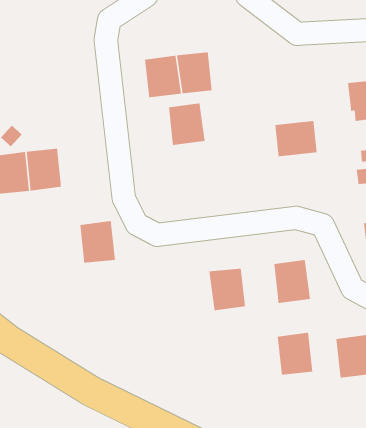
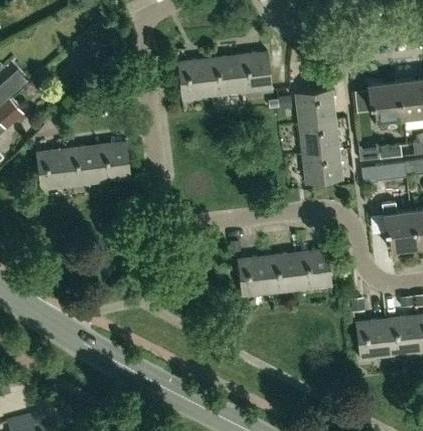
building: none -> [294,89,335,124]
building: [168,103,205,146] -> [236,52,271,92]
building: none -> [301,150,342,185]
building: [79,221,116,263] -> [95,142,129,182]
building: [277,332,313,375] -> [267,254,301,294]

